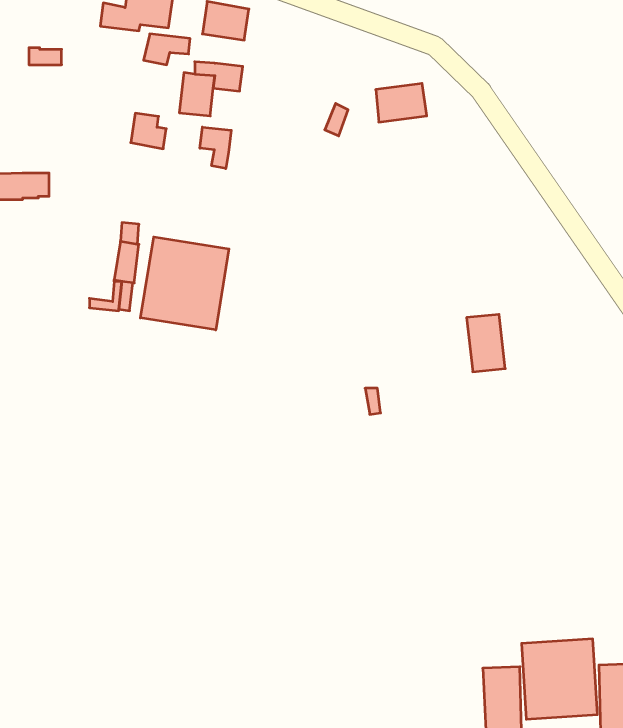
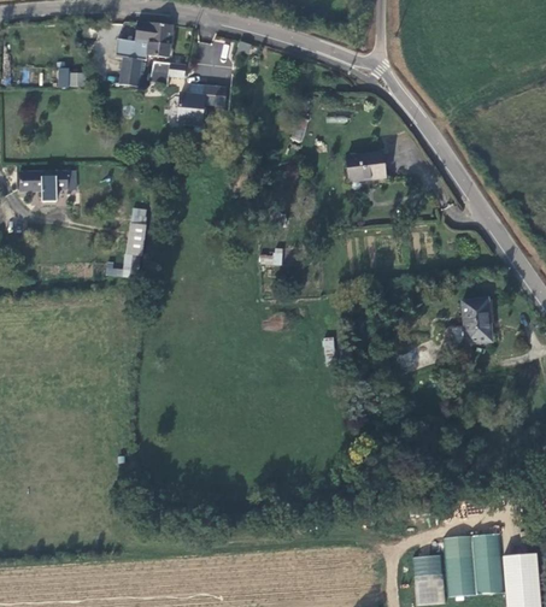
building: [376,83,427,122] -> [346,153,386,183]
building: [131,113,166,149] -> [119,60,147,88]
building: [200,127,231,169] -> none
building: [140,237,229,330] -> none
building: [467,314,505,372] -> [462,300,492,344]

